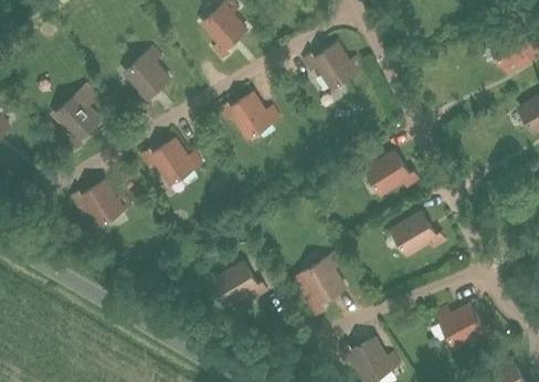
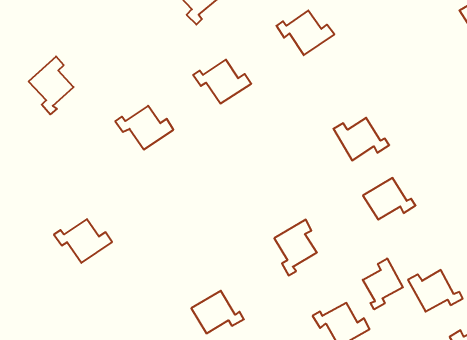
building: [124,47,169,106] -> none
building: [71,181,129,225] -> [54,219,112,263]
building: [213,262,266,305] -> [191,291,244,333]
building: none -> [363,258,403,309]

